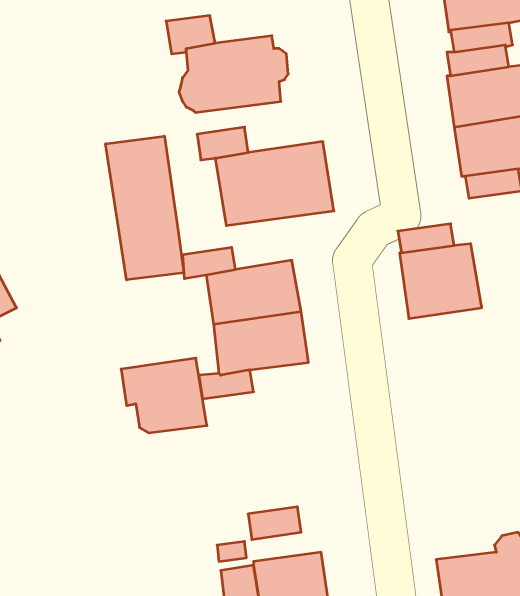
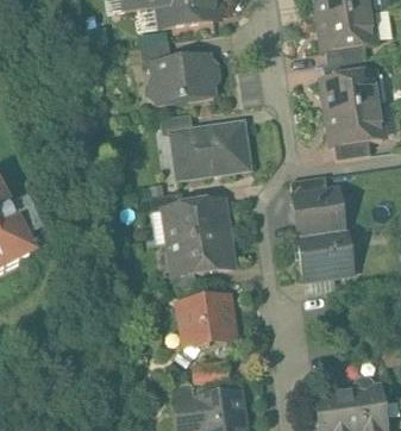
building: [106,136,184,280] -> none
building: none -> [297,229,353,279]
building: [121,358,207,433] -> [177,295,233,344]

